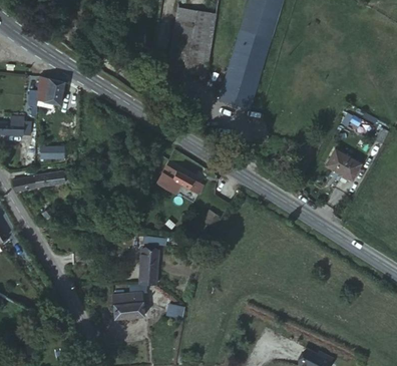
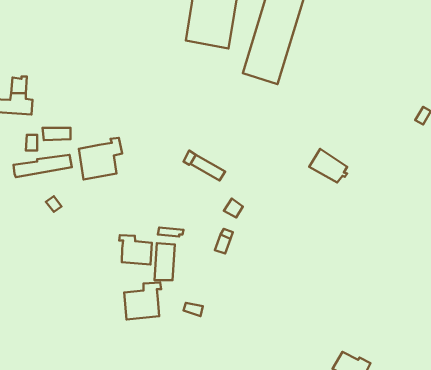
building: [38,77,64,106] -> none
building: [326,150,360,180] -> [309,149,347,183]
building: none -> [79,138,122,180]
building: none -> [119,235,152,264]

